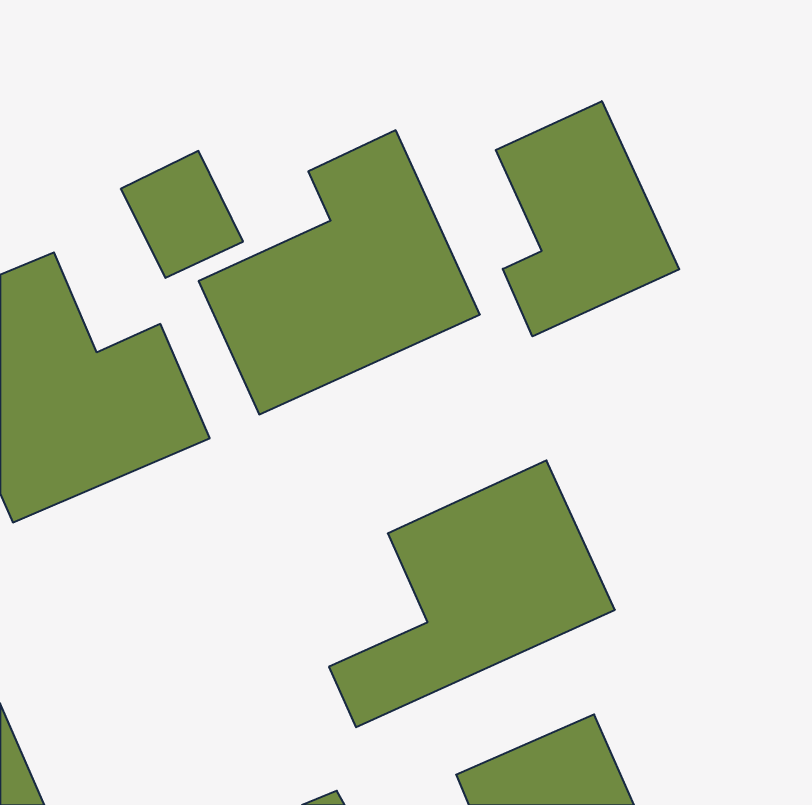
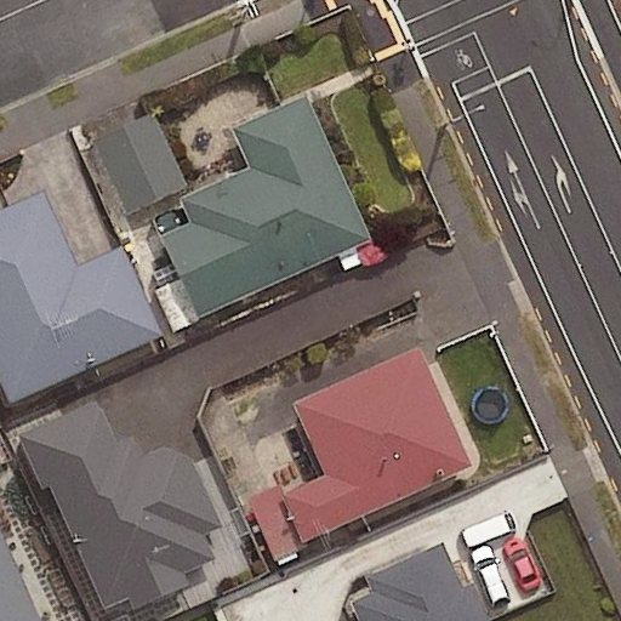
building: [496,101,679,336] -> none
building: none -> [16,397,218,609]

